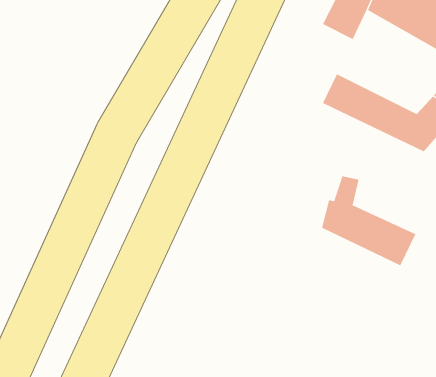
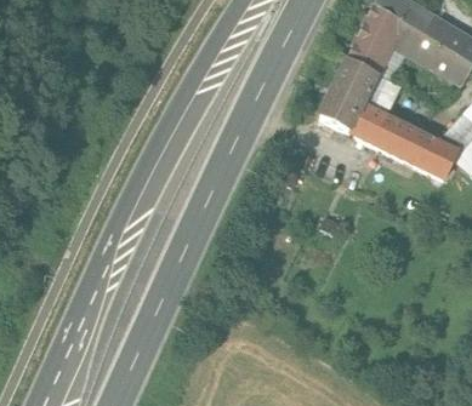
building: none -> [319,58,377,132]
building: [322,176,416,266] -> none

